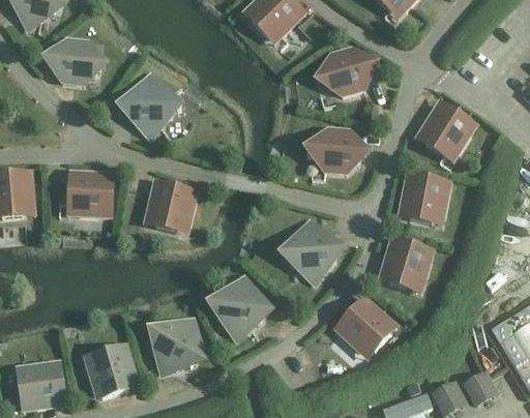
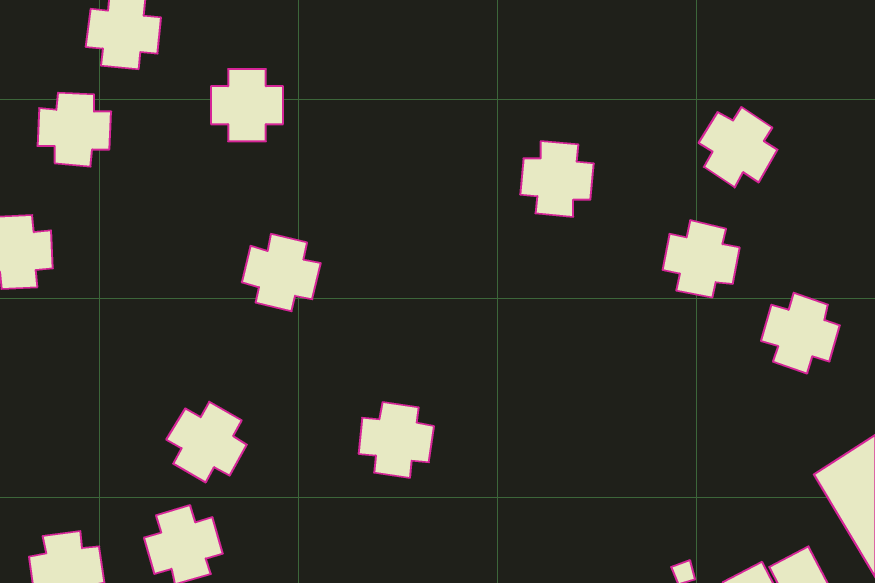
building: [323,48,371,95] -> none
building: [68,172,113,216] -> [37,93,111,167]
building: [290,229,334,272] -> none
building: [382,240,430,289] -> [761,293,840,373]
building: [342,303,389,351] -> none
building: [152,321,201,369] -> [166,402,247,482]

